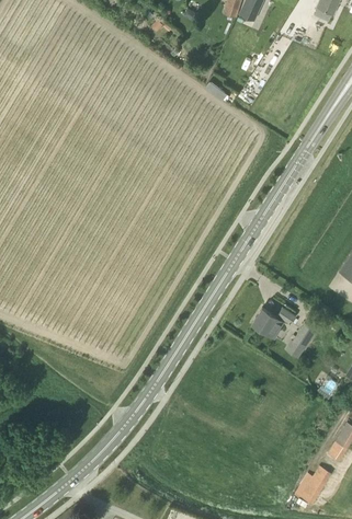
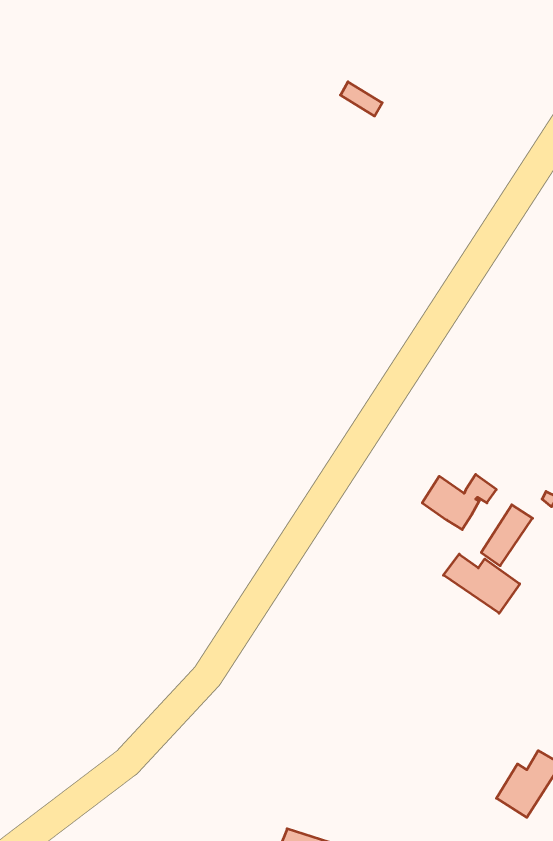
building: none -> [443,554,520,613]

